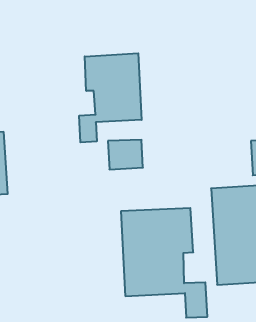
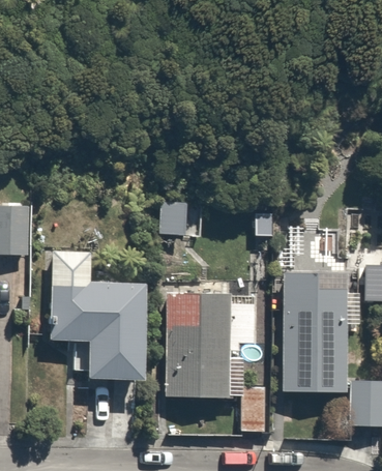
building: [79,53,142,142] -> none
building: none -> [47,251,147,382]

